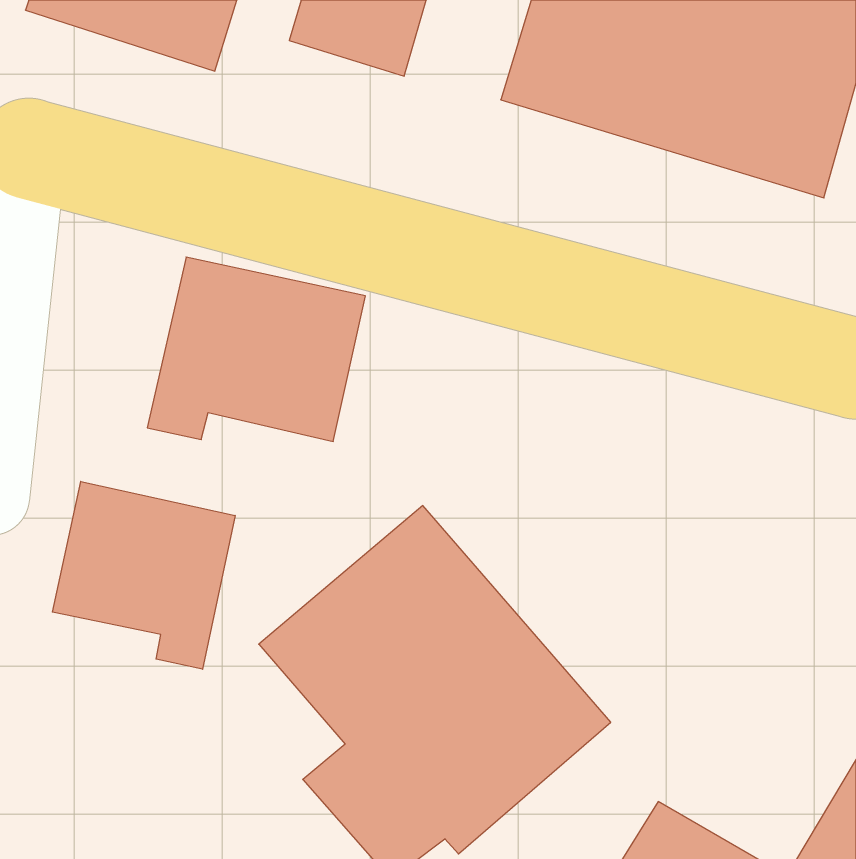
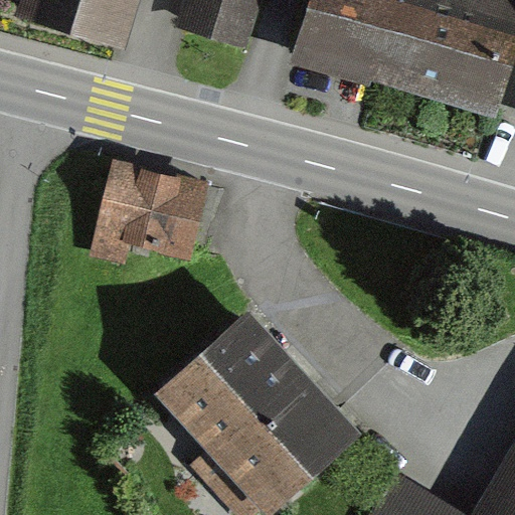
building: [52,481,235,669] -> none

